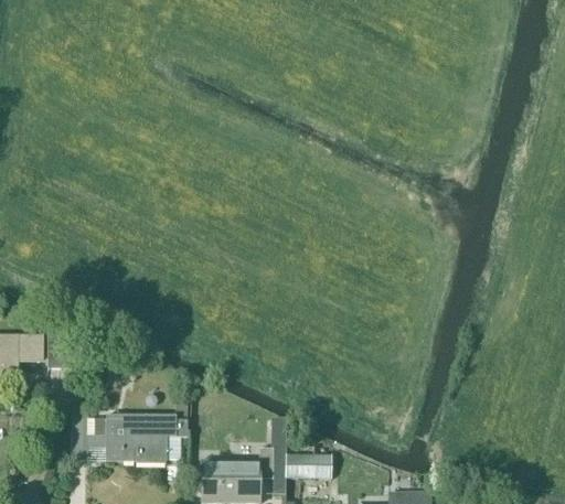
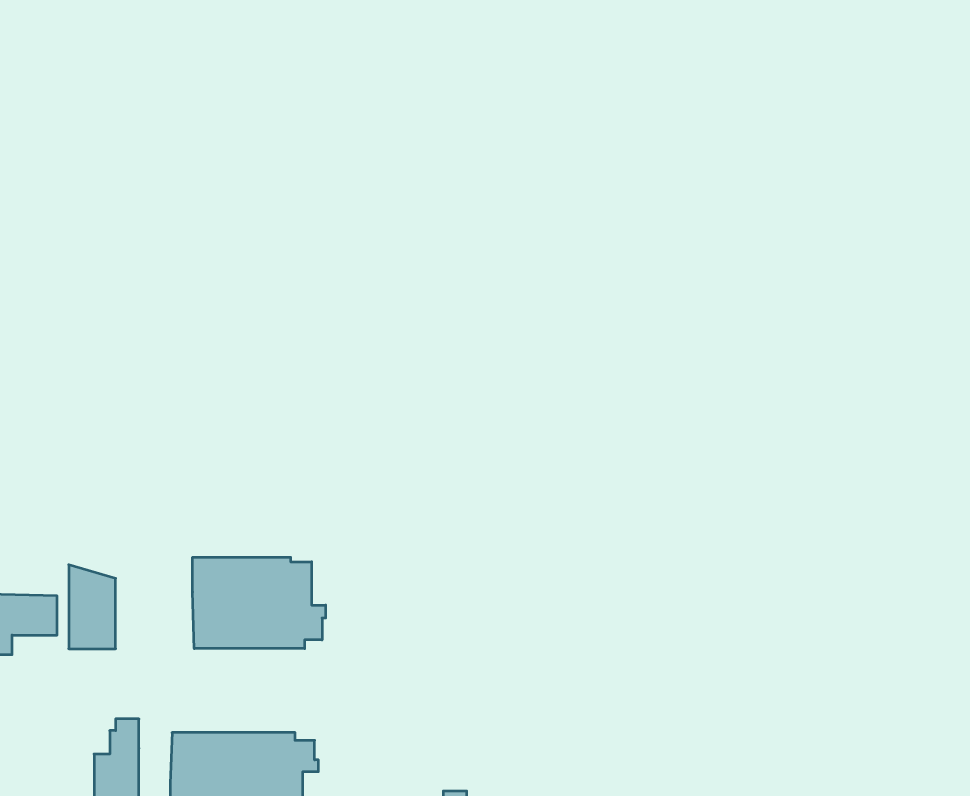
building: none -> [193,557,326,649]

